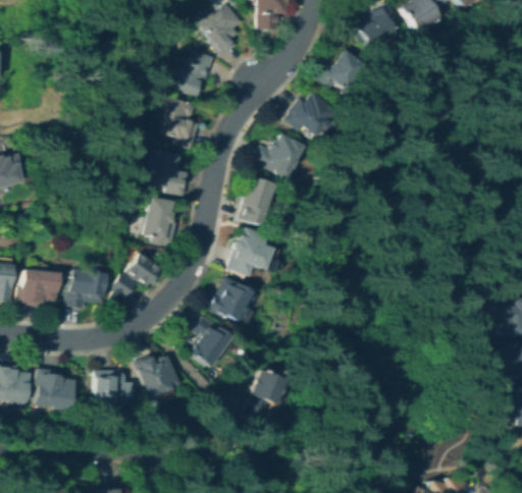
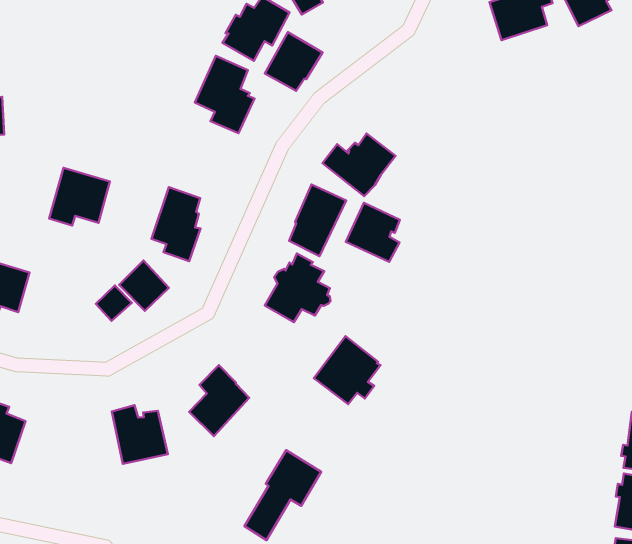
building: [319,51,364,94] -> none
building: none -> [265,32,322,91]
building: [286,91,336,134] -> none
building: [144,149,188,196] -> none
building: none -> [346,203,400,262]
building: [65,268,104,308] -> [49,168,110,225]
building: [210,276,256,324] -> [314,336,381,404]
building: [96,370,133,406] -> none

